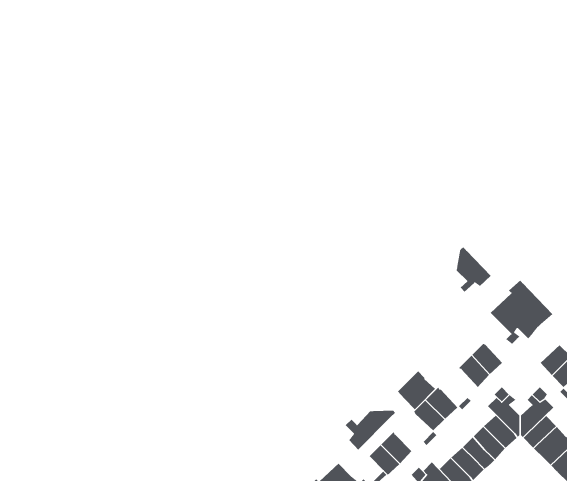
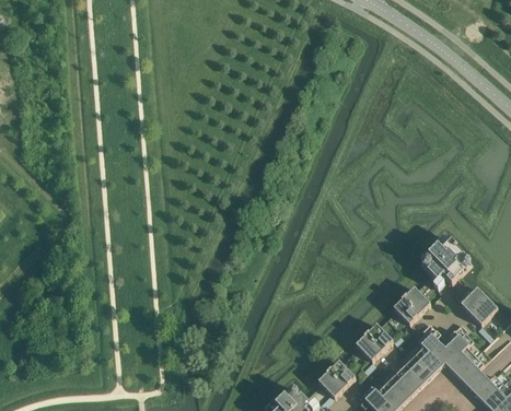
building: [456,246,492,292] -> none
building: [397,370,436,410] -> none
building: [345,410,396,450] -> none

